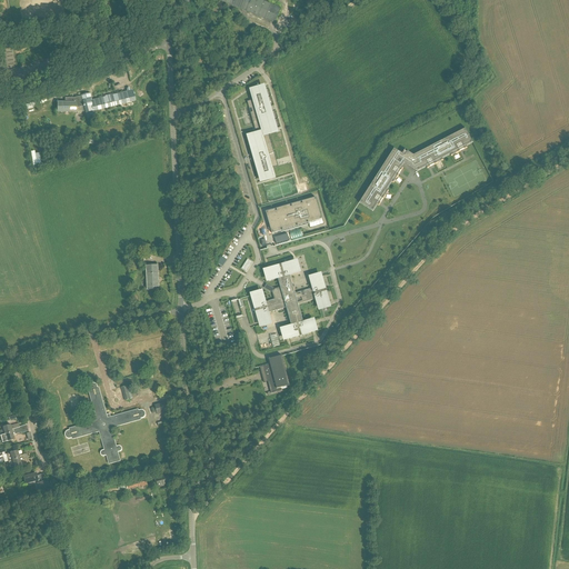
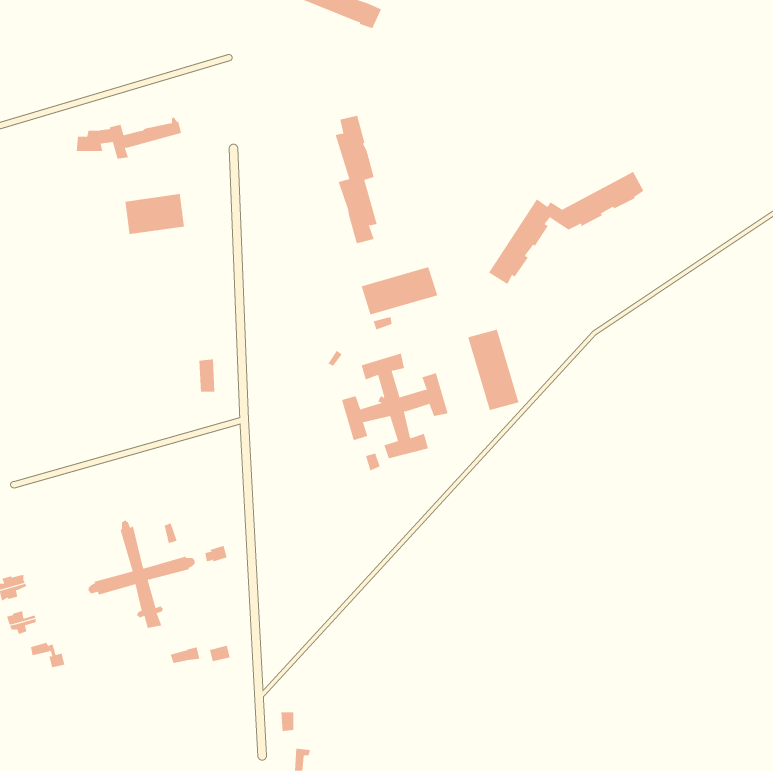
building: none -> [125,193,184,235]
building: none -> [468,329,519,411]
building: [259,353,289,392] -> none

